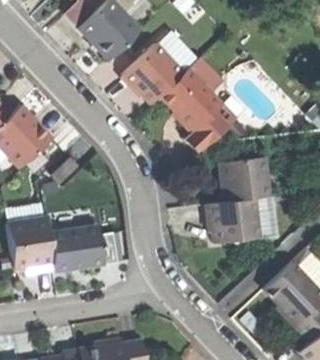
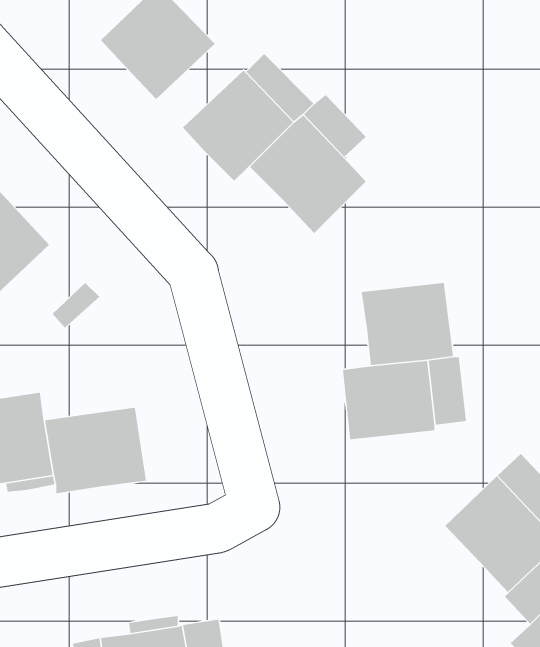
building: [184,104,235,155] -> none

